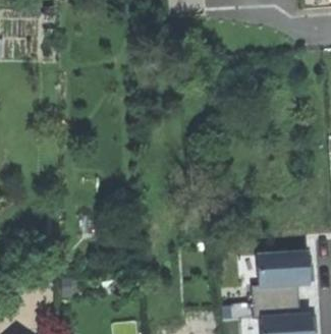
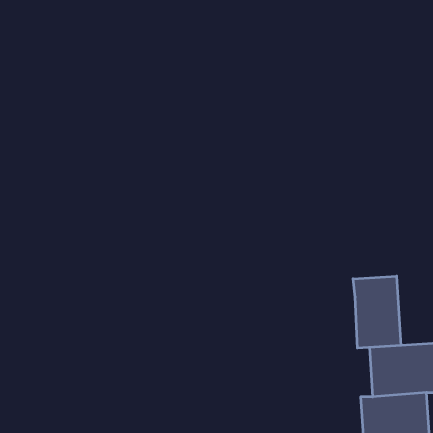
building: none -> [353,276,401,348]

